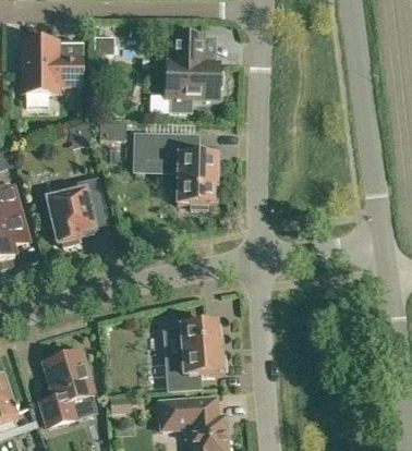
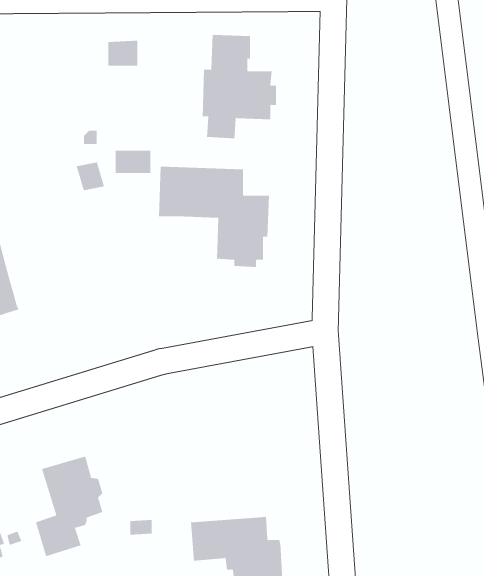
building: [22,39,82,90] -> none
building: [47,175,105,244] -> none
building: [163,318,222,390] -> none

